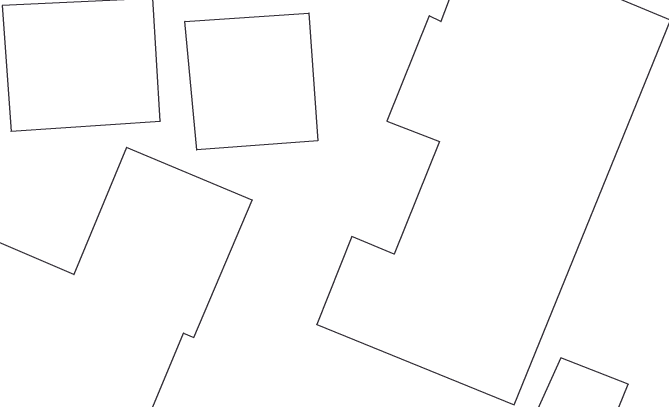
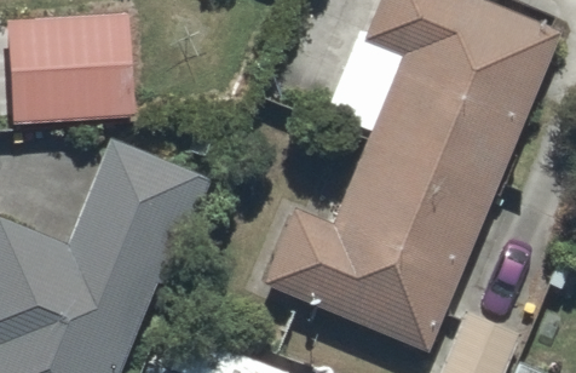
building: [185,13,318,150] -> none

